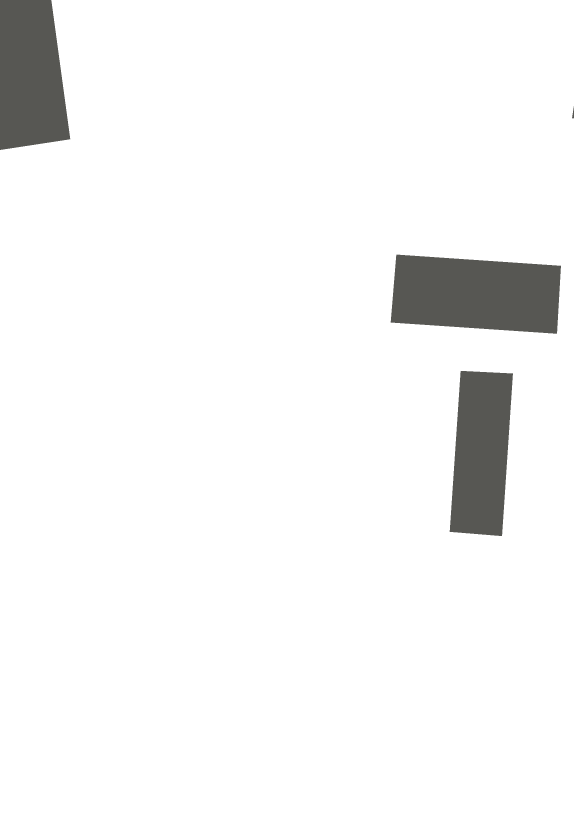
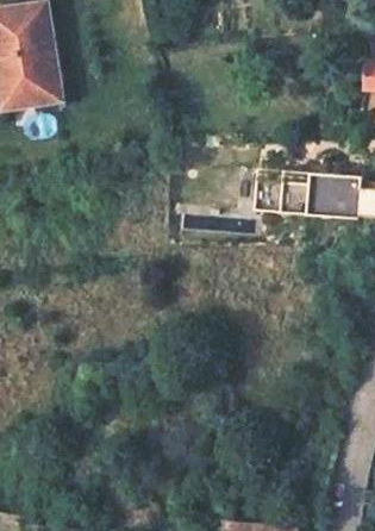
building: [449,370,514,537] -> none

